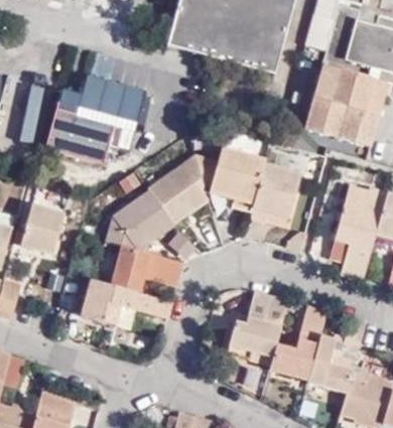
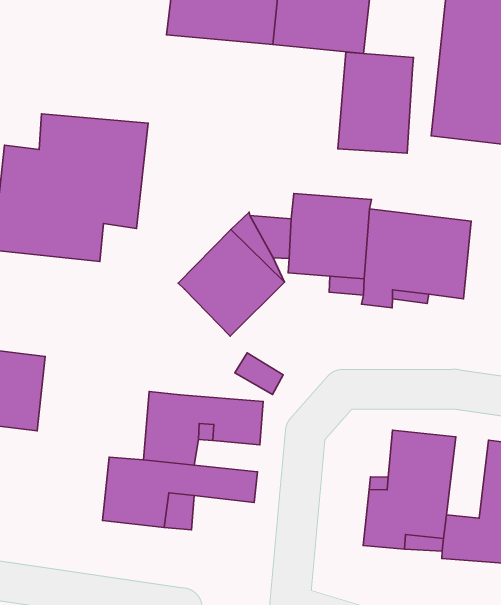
building: none -> [338,52,414,153]
building: [108,190,173,250] -> none

